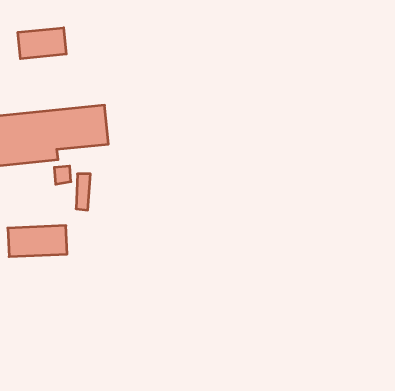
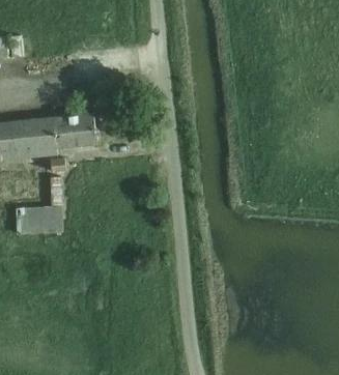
building: [18,28,66,59] -> none

